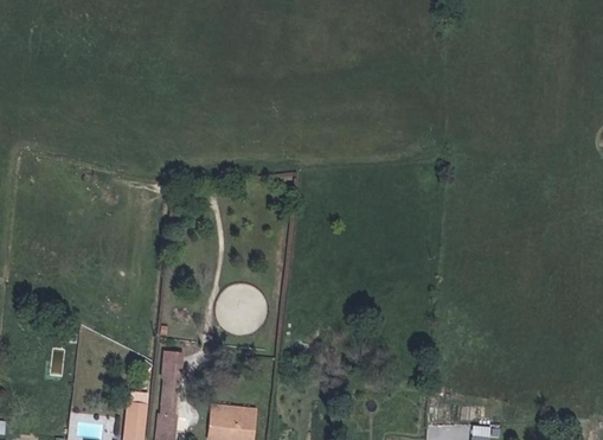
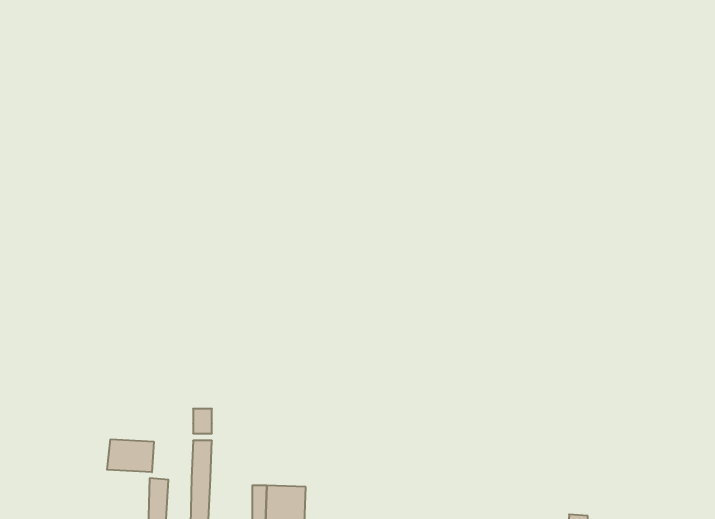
building: none -> [107,439,154,472]

